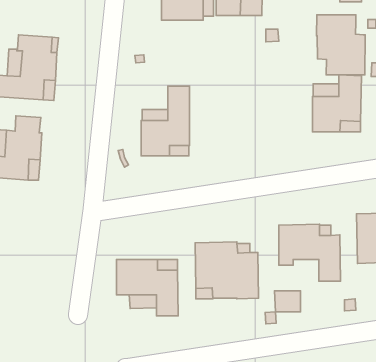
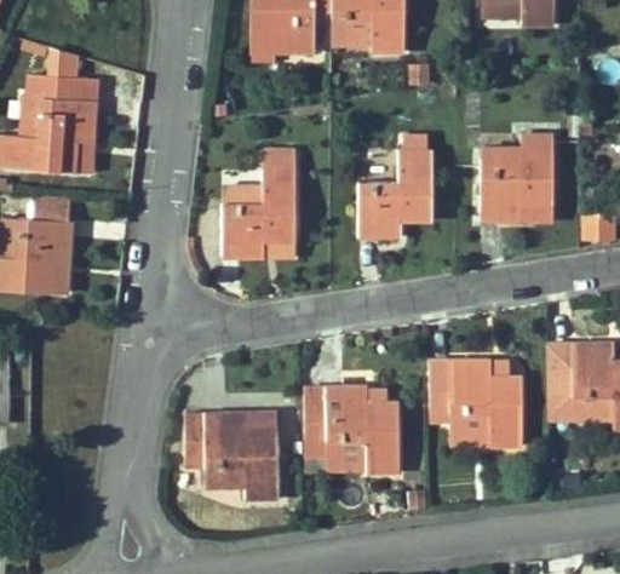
building: [317,15,365,75] -> none
building: none -> [358,122,432,236]
building: [275,291,300,312] -> [452,413,490,444]

